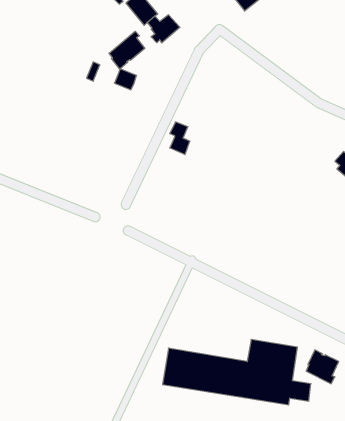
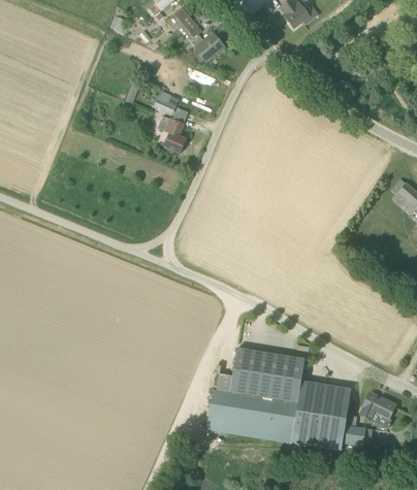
building: [109,31,145,69] -> none
building: [170,122,190,155] -> [164,118,186,153]
building: none -> [217,348,304,403]

